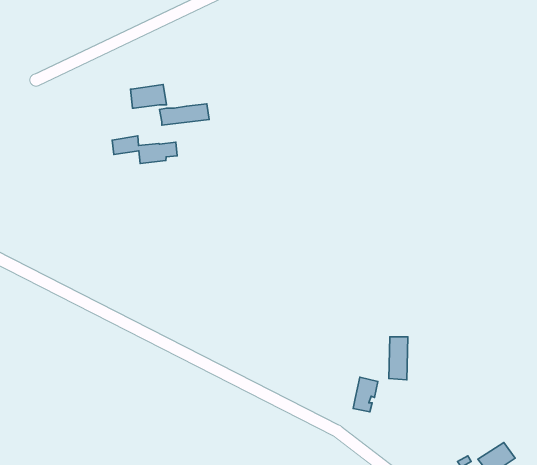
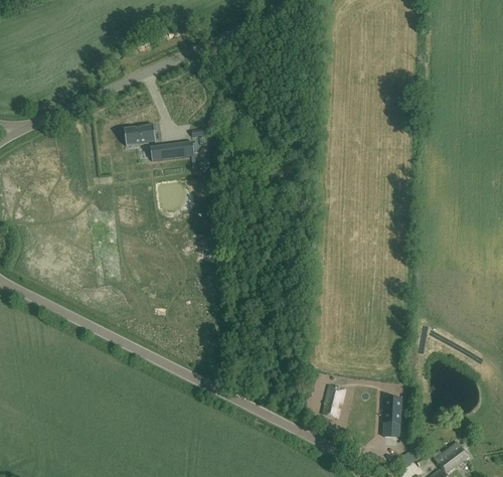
building: [112,136,177,164] -> none
building: [389,337,408,380] -> [384,396,401,435]

